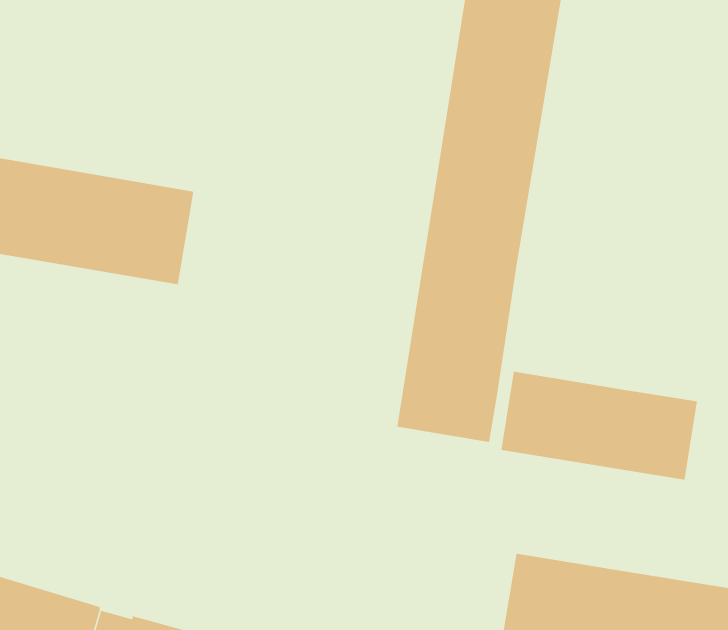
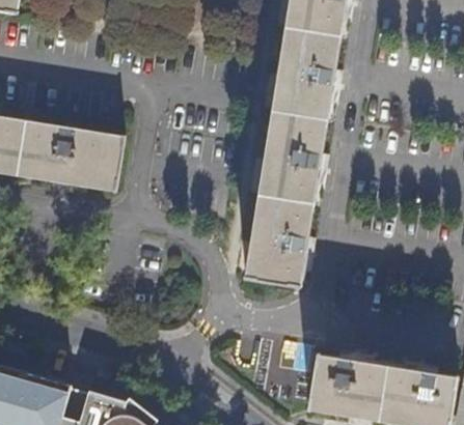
building: [501,371,698,480] -> none

